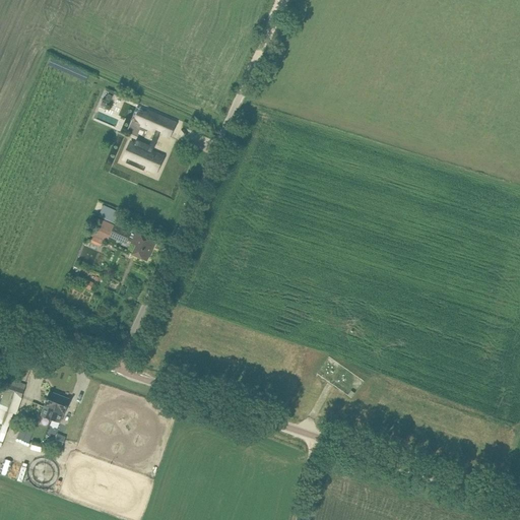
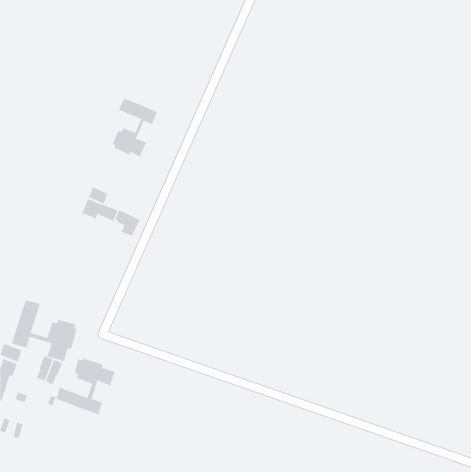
building: none -> [11,299,77,362]
building: none -> [56,358,115,415]

